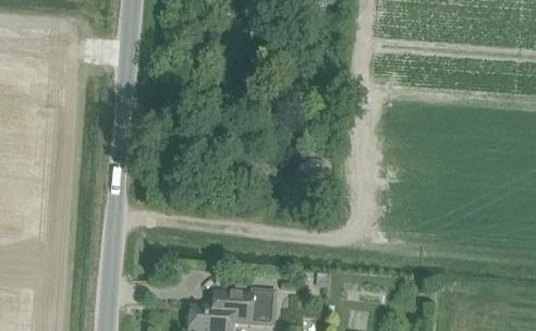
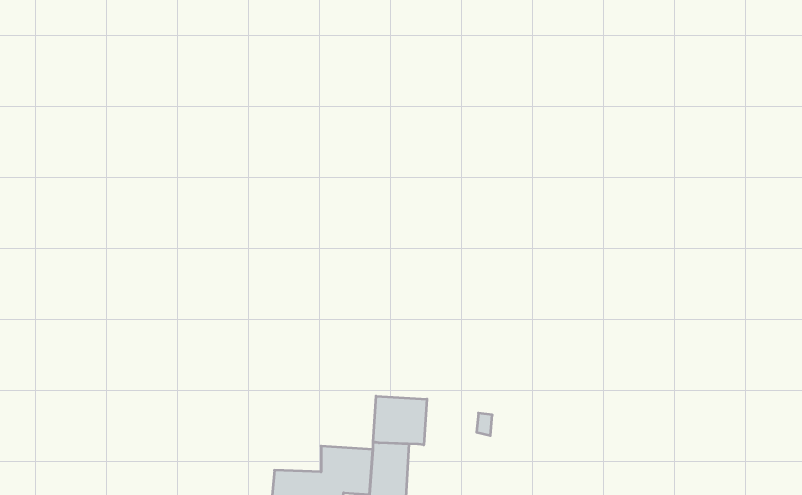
building: none -> [373,396,427,445]

